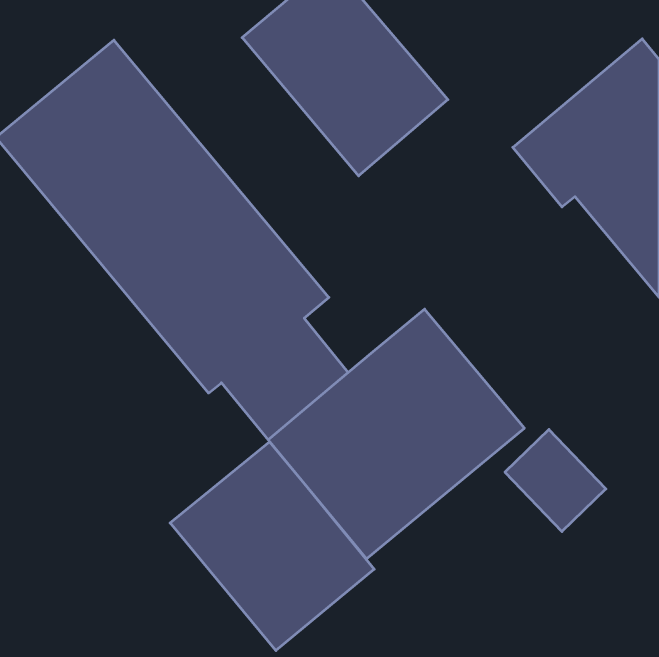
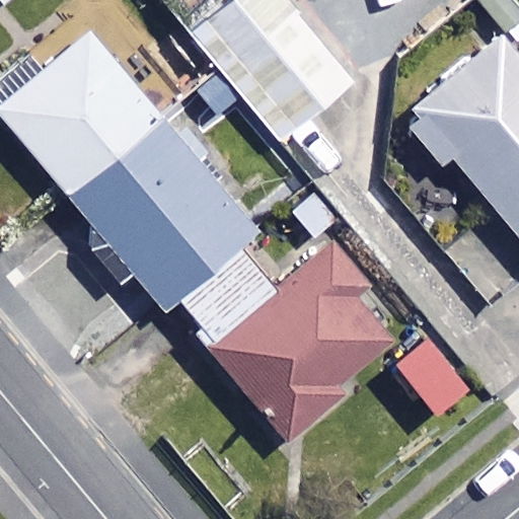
building: [170,442,374,651] -> none

